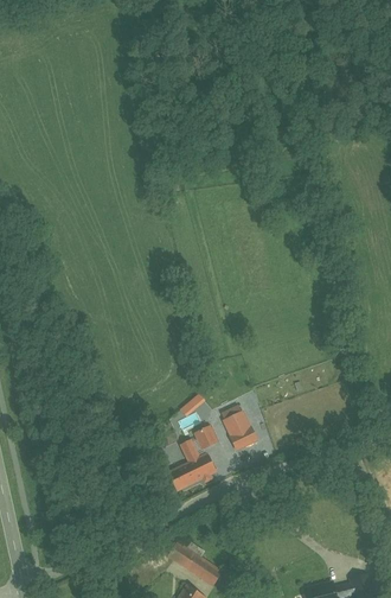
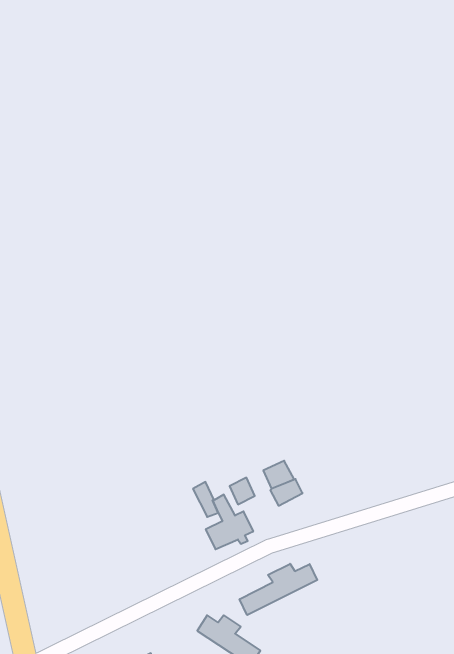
building: none -> [240,564,317,615]

